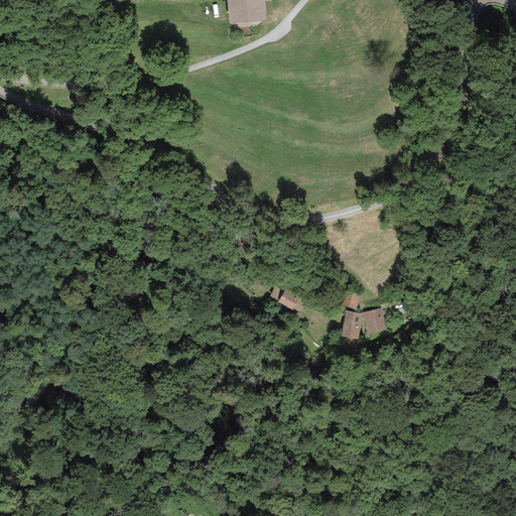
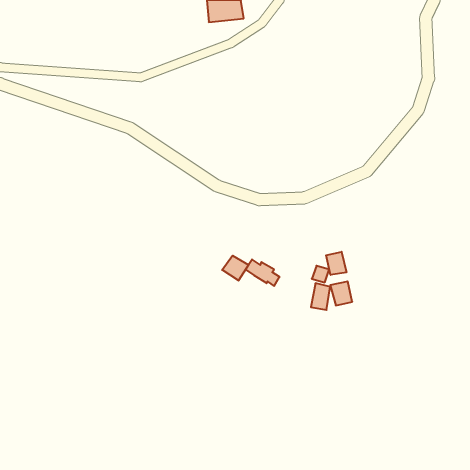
building: none -> [326,252,346,275]
building: none -> [222,256,248,281]

